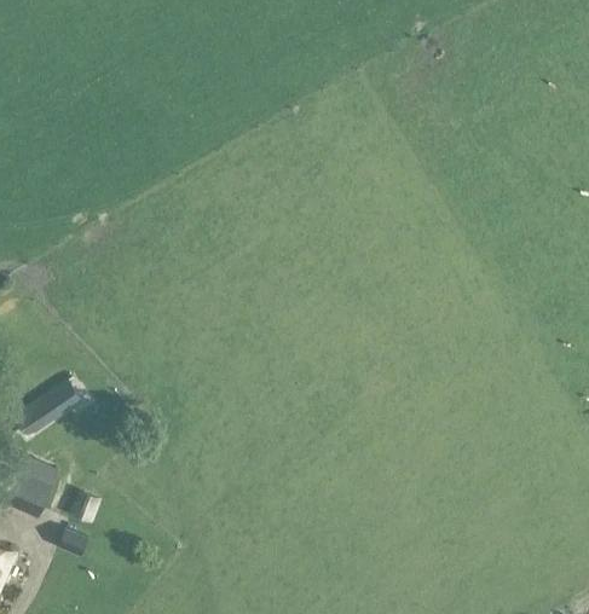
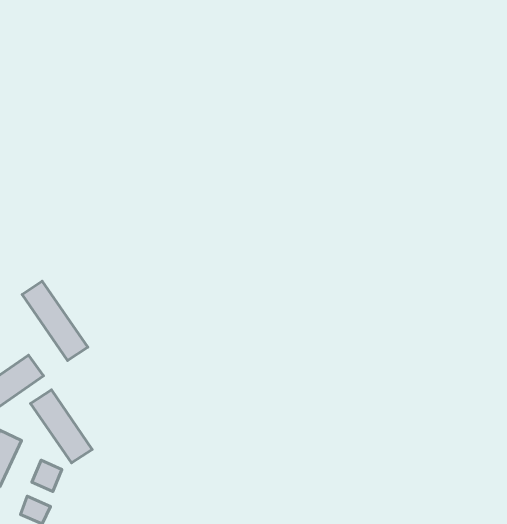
building: none -> [22,281,88,360]
building: none -> [31,390,92,463]

